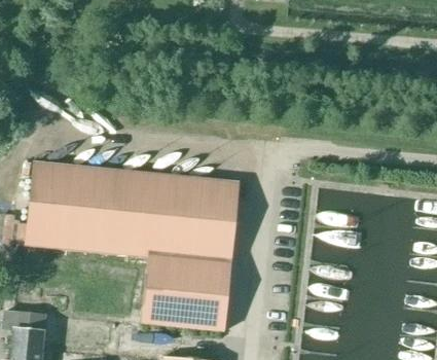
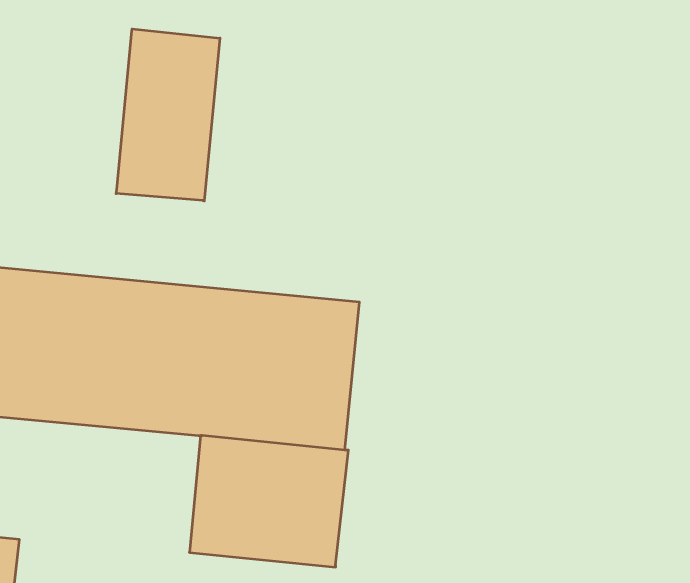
building: none -> [116,29,220,201]

